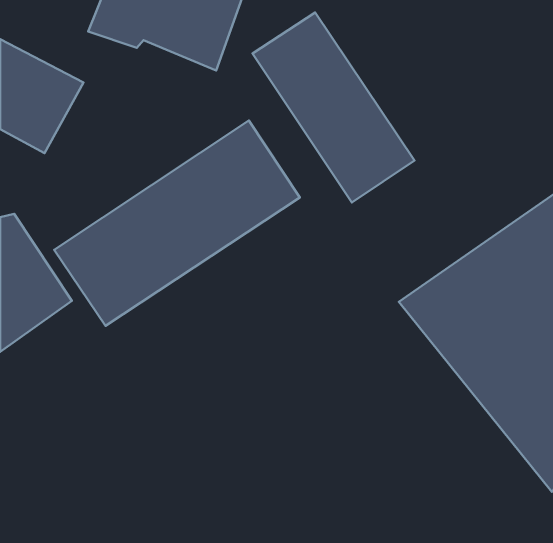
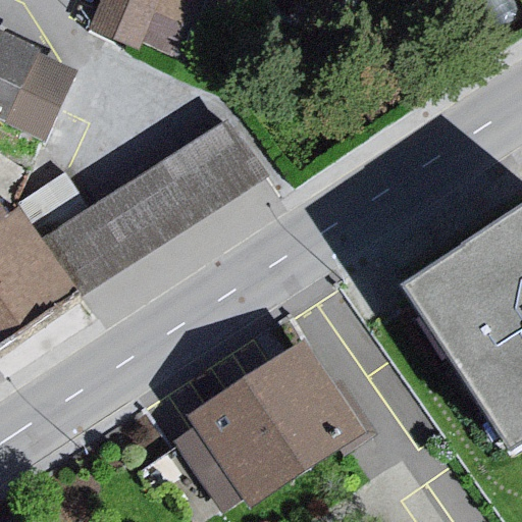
building: [253,12,414,202] -> none
building: none -> [185,335,354,500]

